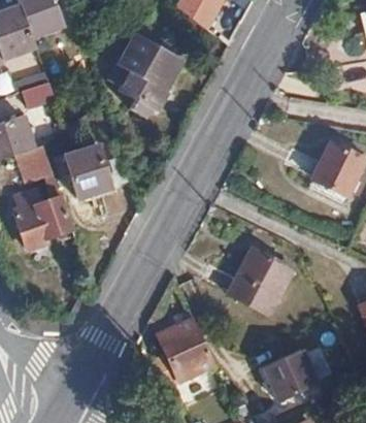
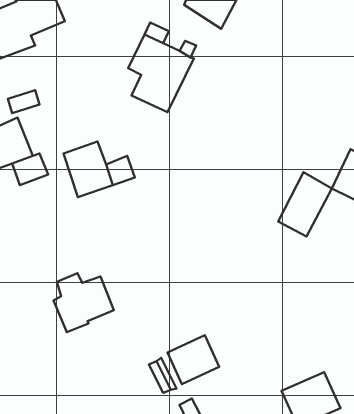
building: [15,194,72,250] -> [54,273,114,332]
building: [228,248,278,308] -> [278,172,332,237]

